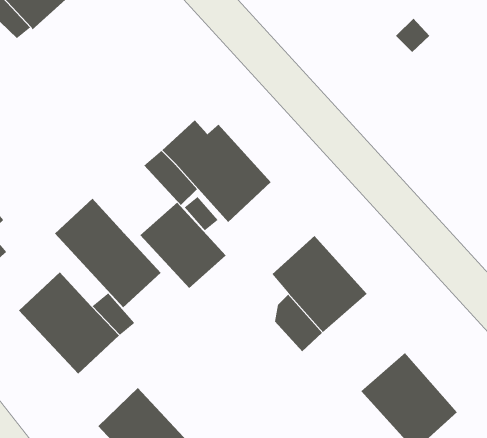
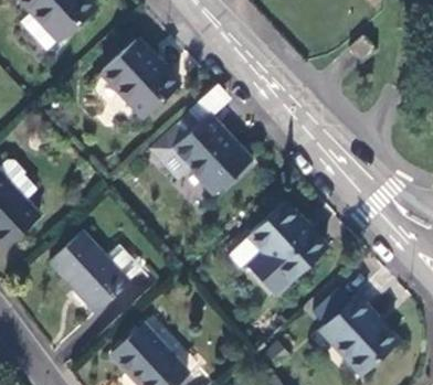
building: none -> [102,39,178,115]
building: [54,198,162,308] -> none
building: [140,202,227,289] -> none

